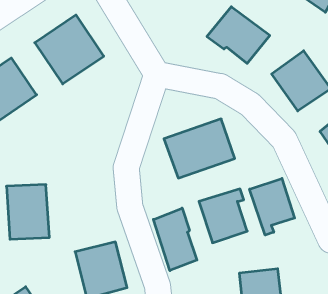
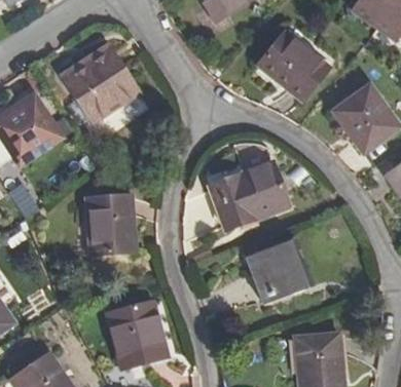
building: [250,178,295,235] -> none
building: [6,185,49,239] -> [86,192,136,255]
building: [153,208,197,271] -> none

